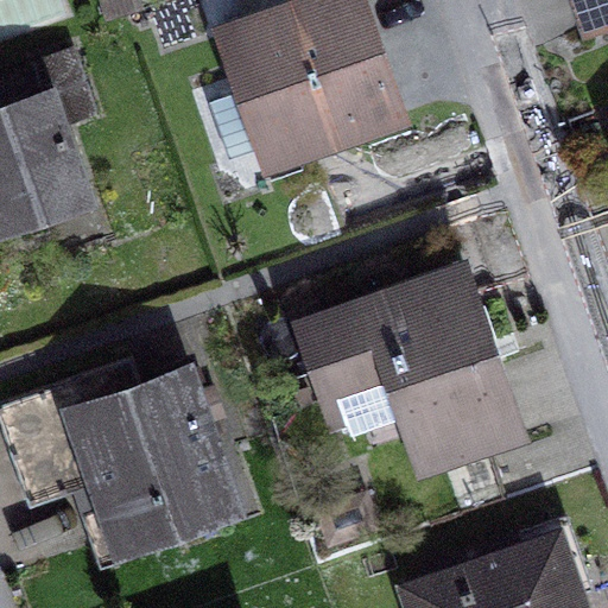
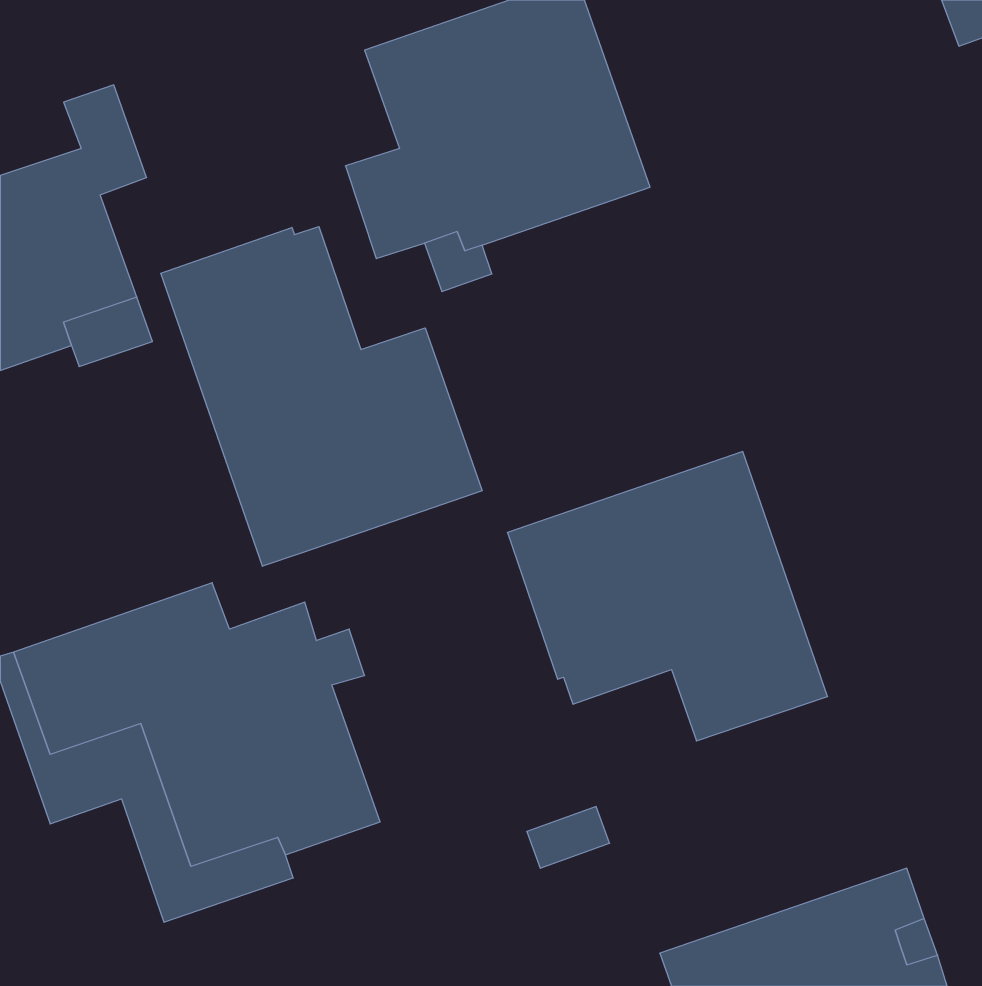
building: none -> [161,227,482,566]

